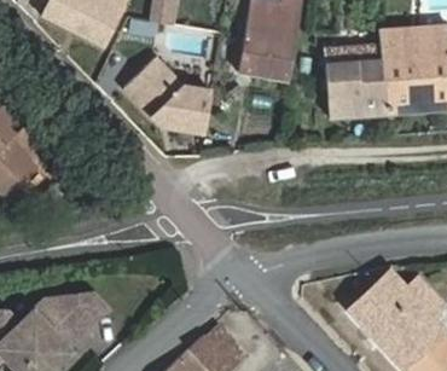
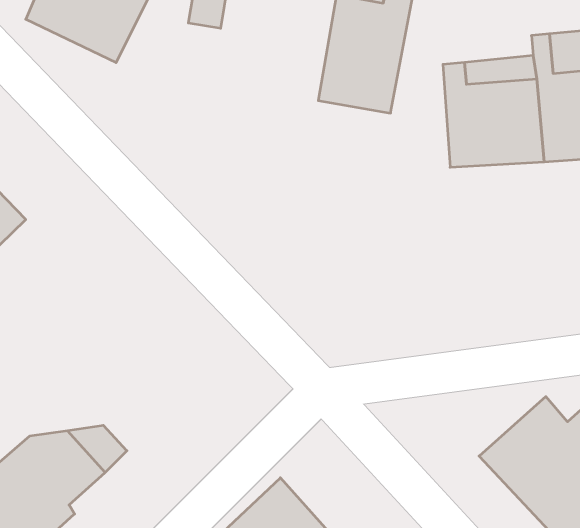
building: [127,58,211,133] -> none

